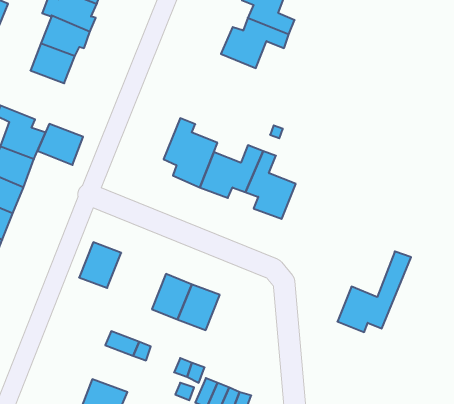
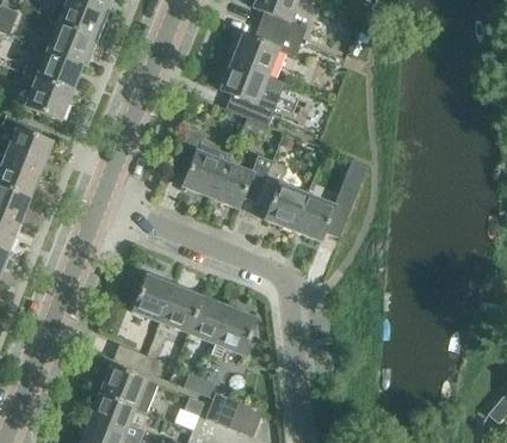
building: none -> [221,62,274,133]
building: [38,124,83,165] -> [25,79,72,121]
building: [79,242,121,288] -> [132,276,175,322]
building: [337,251,411,332] -> [293,159,369,241]
building: none -> [216,308,258,355]
building: none -> [100,365,147,407]

